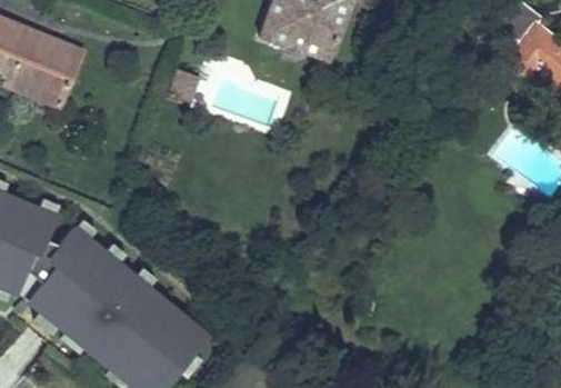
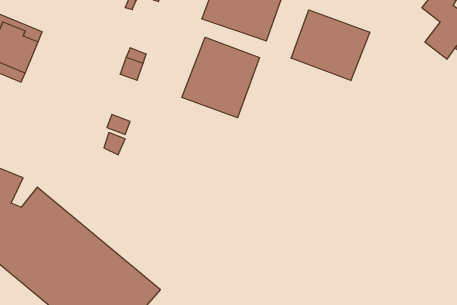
building: none -> [291,10,370,81]
building: none -> [182,37,260,118]

